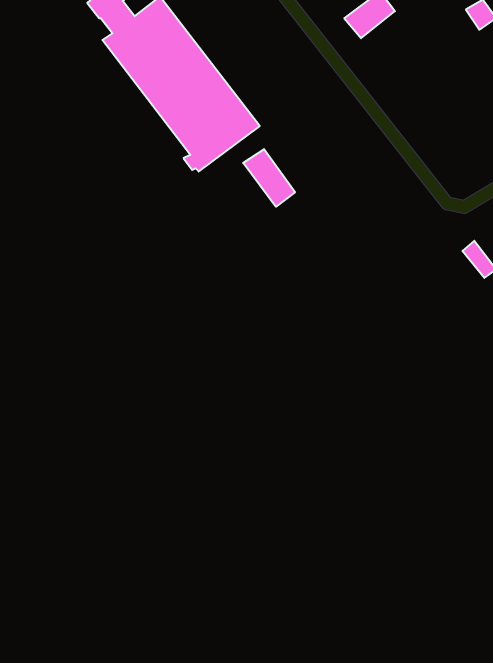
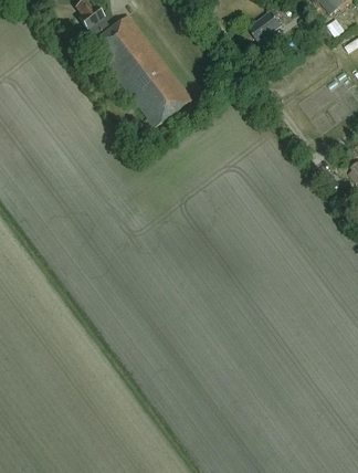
building: [243,149,295,207] -> none

